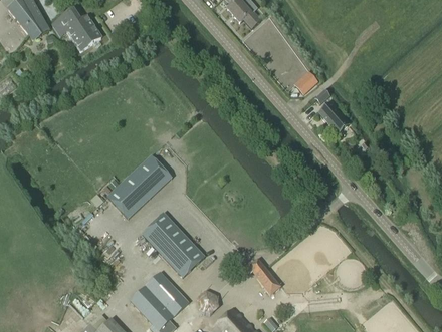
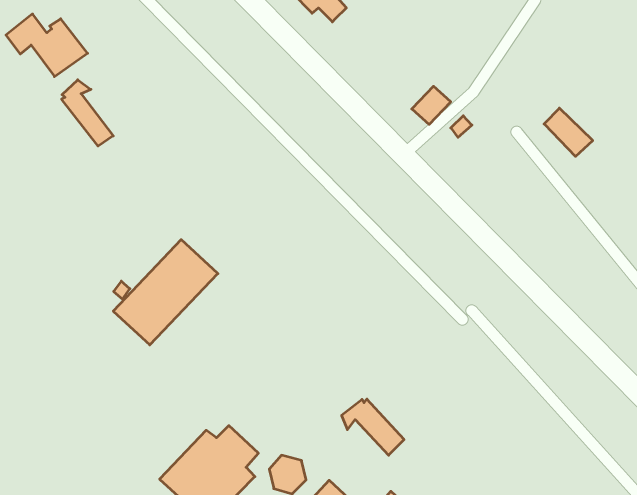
building: none -> [62,80,113,146]
building: [319,102,349,132] -> [544,108,593,156]
building: [142,212,205,277] -> none

